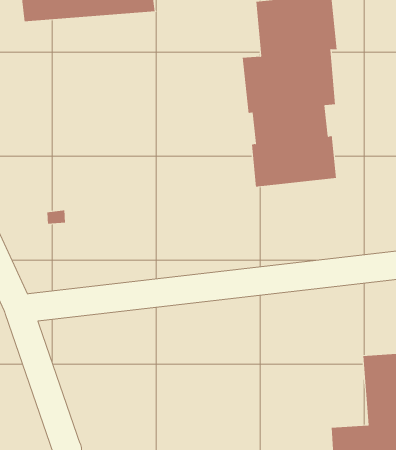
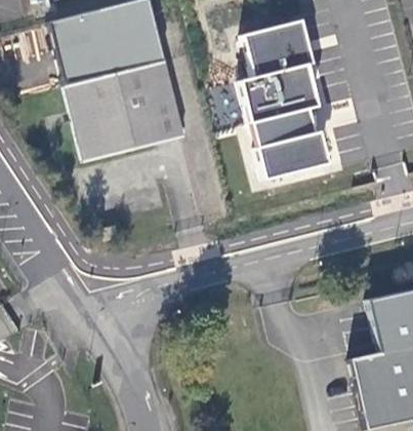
building: none -> [65,56,184,157]

